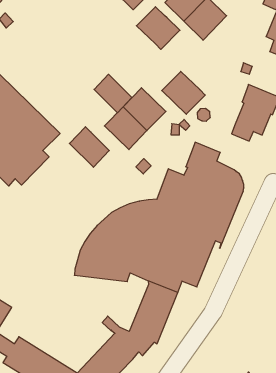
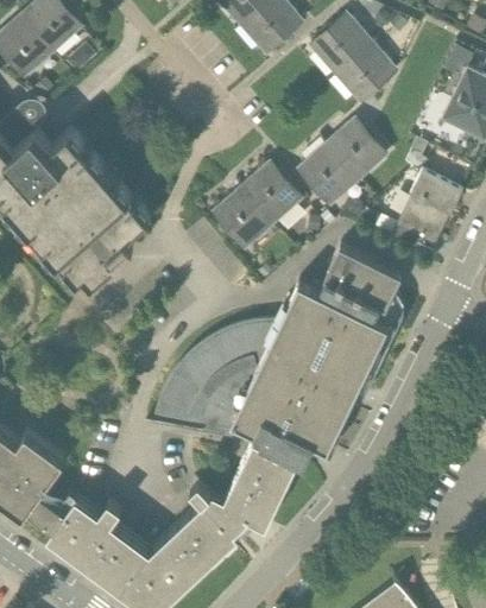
building: [136,7,180,49] -> [324,119,385,179]
building: [94,74,132,113] -> none
building: [69,127,109,167] -> none

